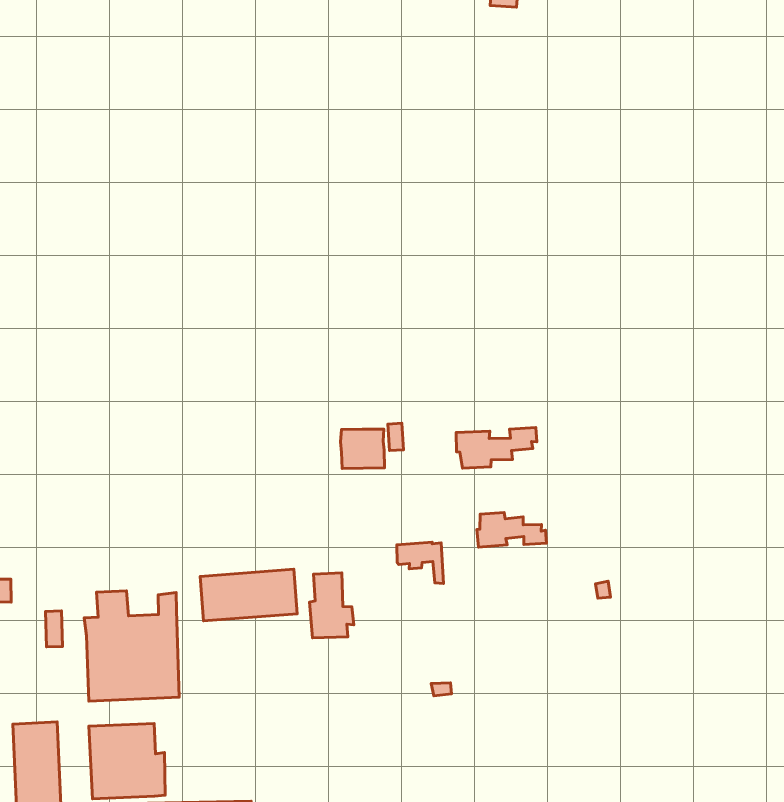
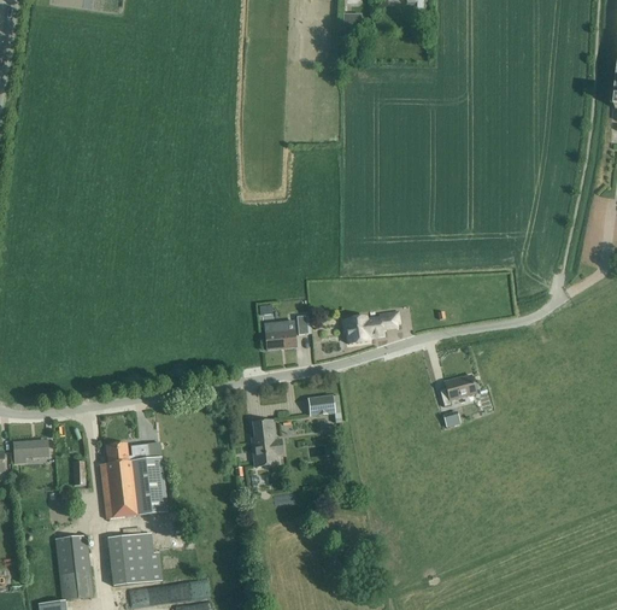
building: [477,512,546,547] -> none
building: none -> [439,374,475,405]
building: [200,569,297,621] -> none

